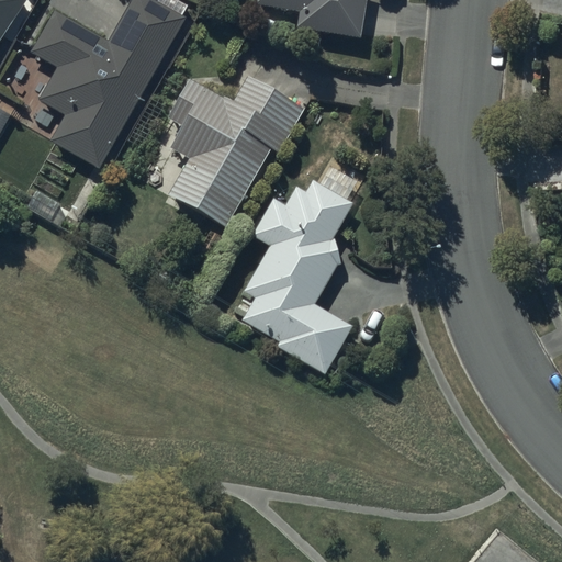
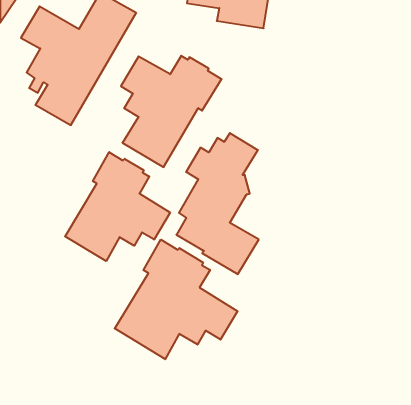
building: none -> [65,152,170,261]
building: none -> [115,240,238,359]

